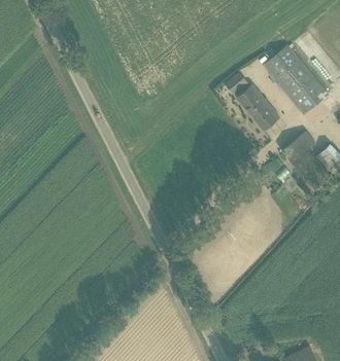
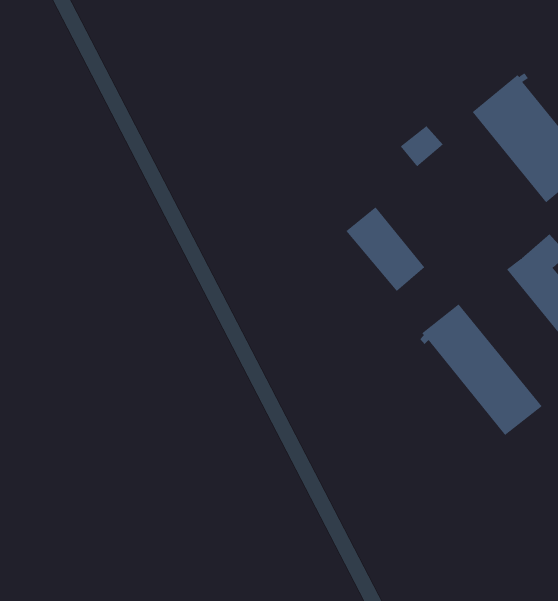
building: [236,84,279,131] -> [345,207,425,292]
building: none -> [419,304,542,436]

